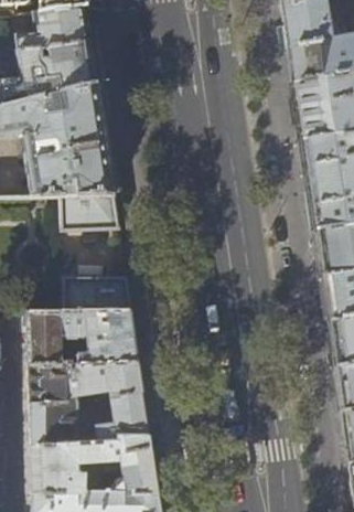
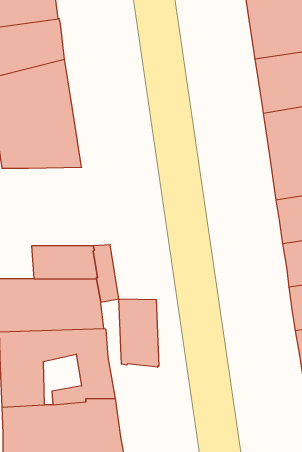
building: [58,196,118,233] -> none
building: none -> [119,299,159,367]

